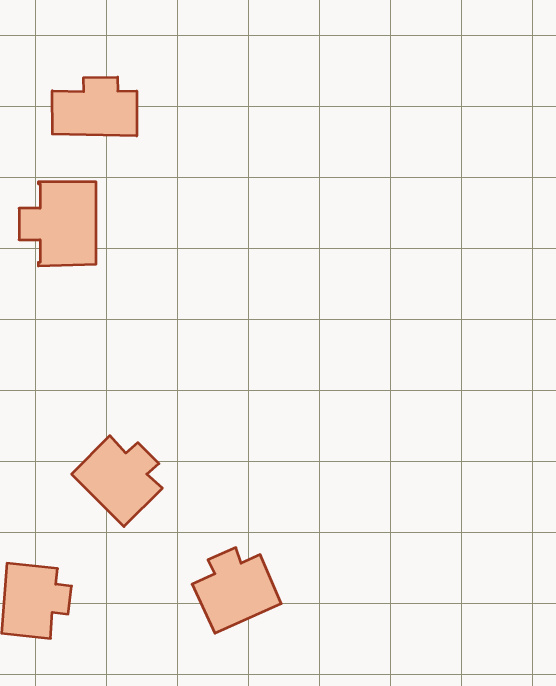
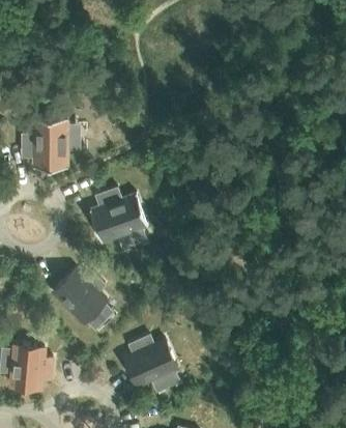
building: [52,77,137,136] -> none
building: none -> [90,190,148,244]

